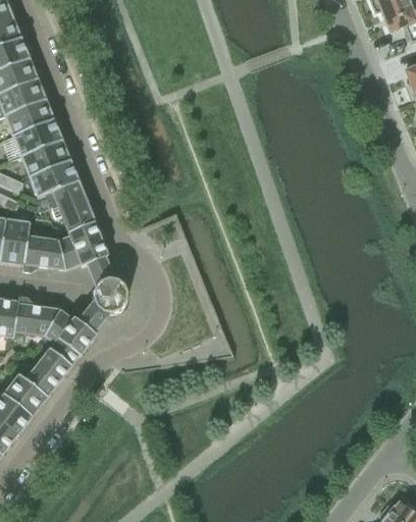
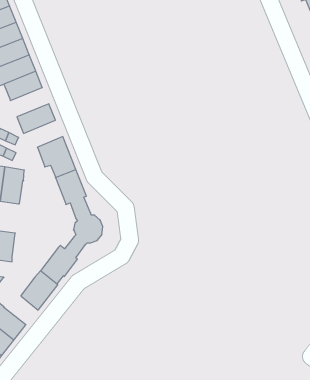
building: [13,119,61,156] -> none
building: [30,160,79,197] -> none
building: [22,230,82,270] -> none
building: [15,296,73,356] -> none
building: [5,373,48,415] -> none

